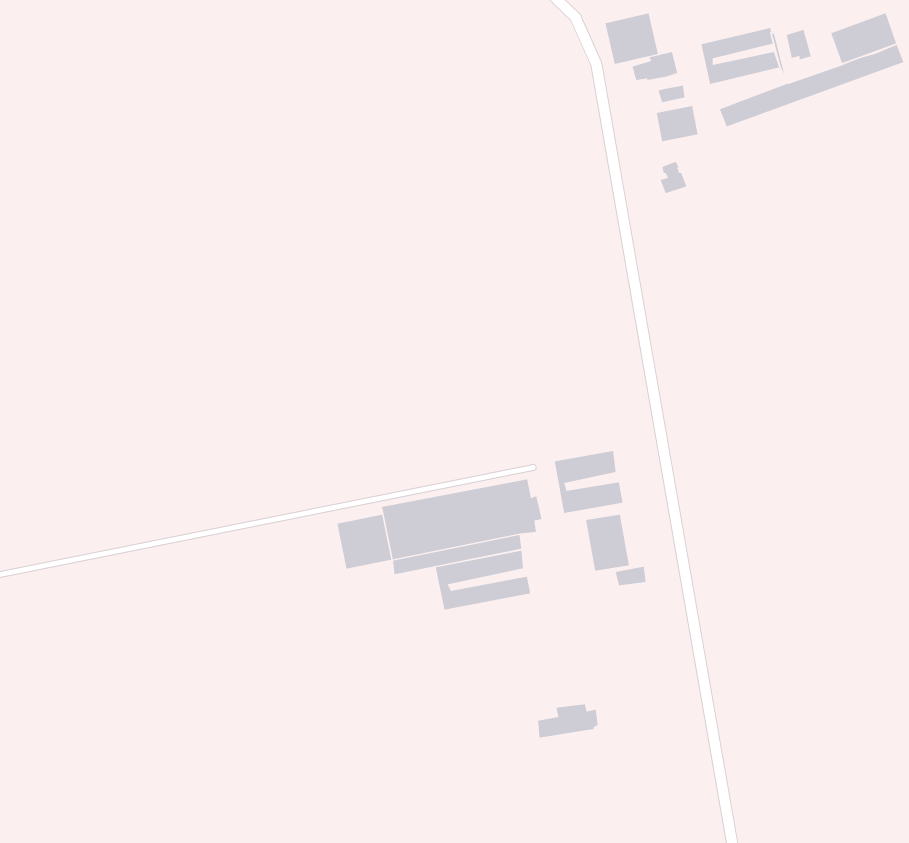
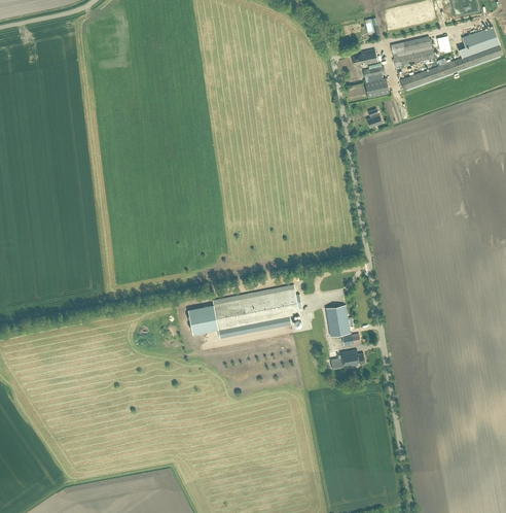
building: [604,13,659,65] -> none
building: [554,450,624,514] -> none
building: [435,550,531,611] -> none
building: [537,703,598,739] -> [330,349,364,369]

